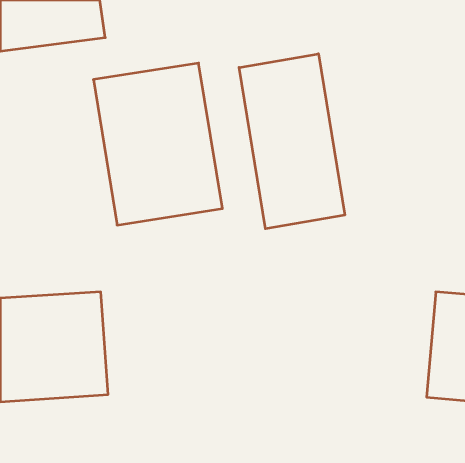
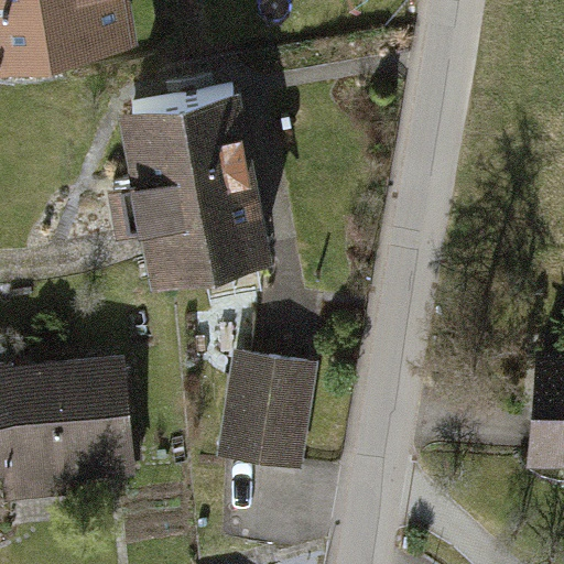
building: [239,54,345,229] -> none
building: none -> [212,357,319,477]

